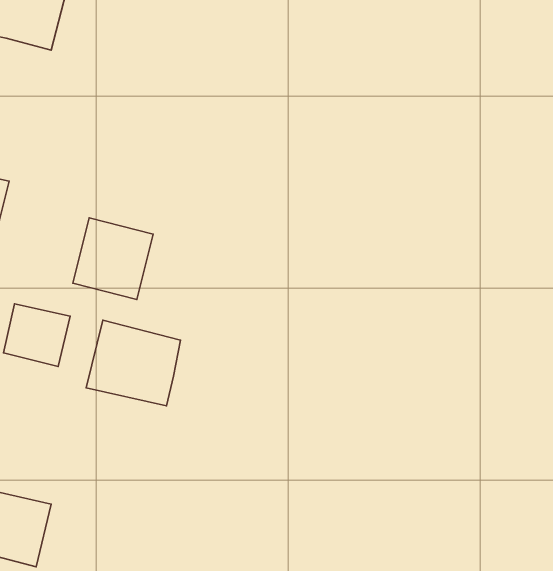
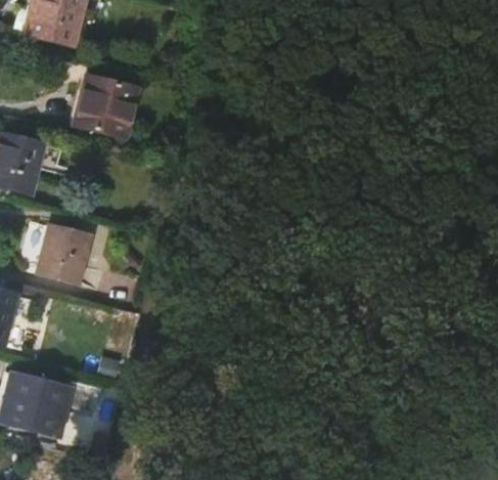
building: [73,218,153,300] -> [74,75,134,136]
building: [86,320,180,406] -> none

